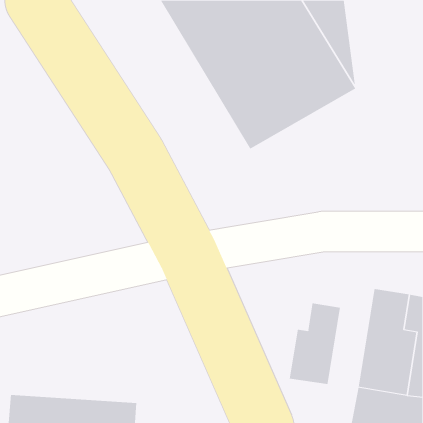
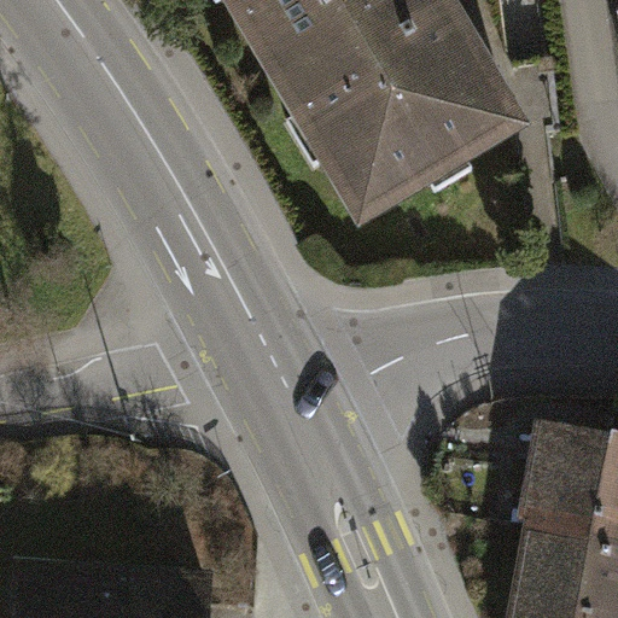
building: [289,303,340,385] -> none

